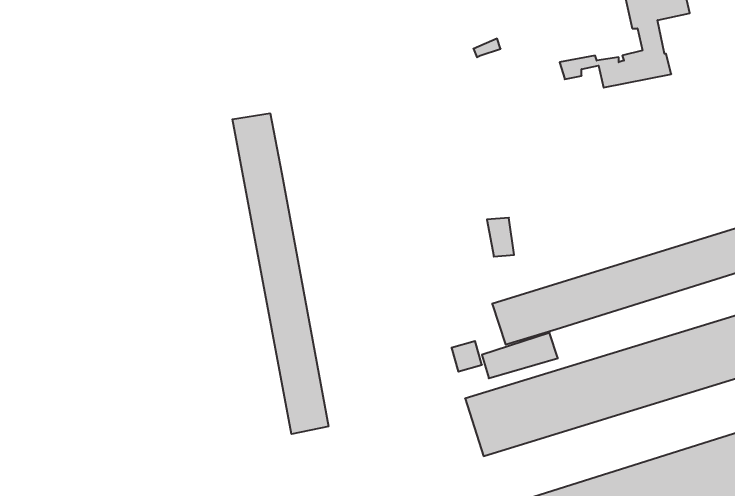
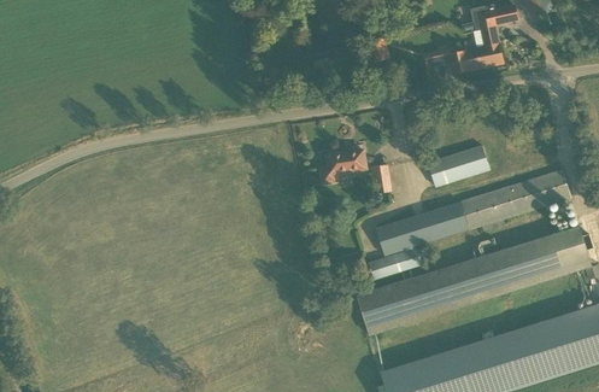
building: [232,113,328,434] -> none
building: none -> [427,145,489,187]
building: none -> [317,148,366,185]

